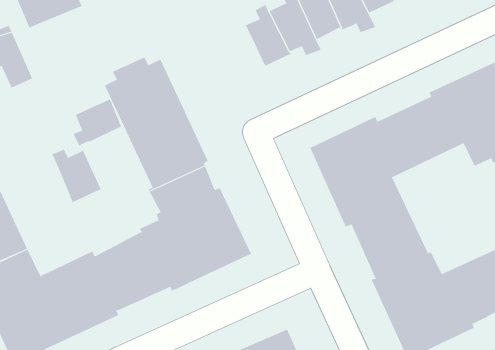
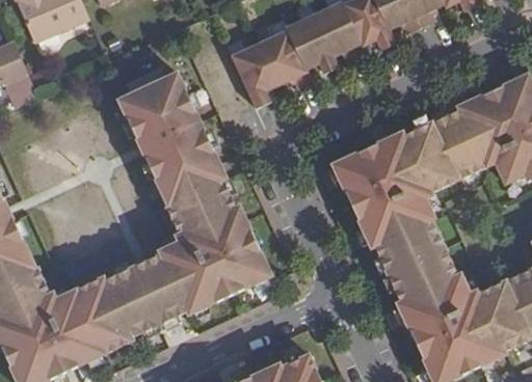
building: none -> [231,36,285,105]
building: [73,98,122,146] -> none
building: [51,149,102,203] -> none

